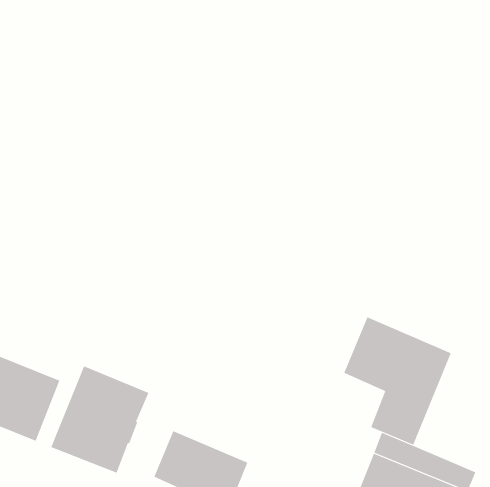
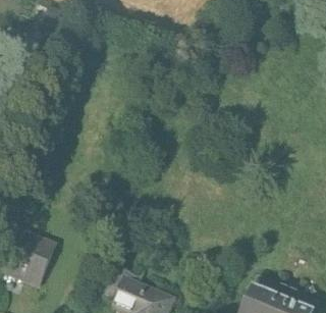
building: [344,316,451,445] -> none
building: [51,366,149,473] -> none

